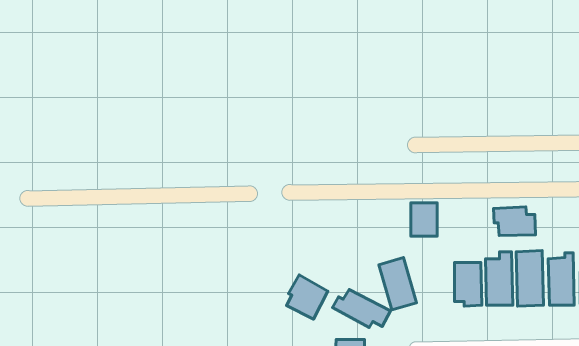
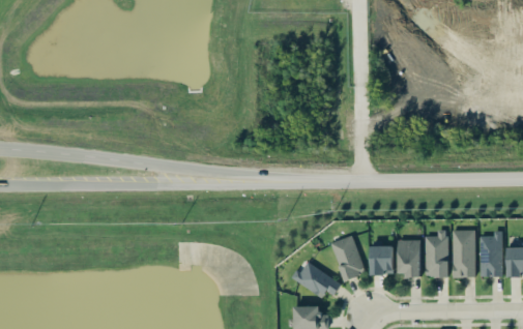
building: [411,203,437,236] -> [371,245,394,274]
building: [494,207,535,236] -> none
building: [287,275,328,319] -> none

